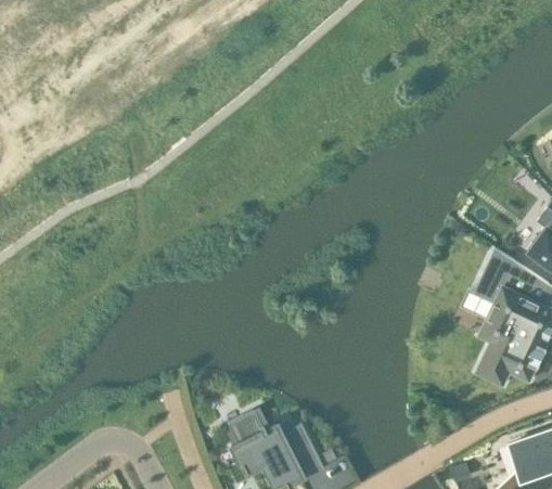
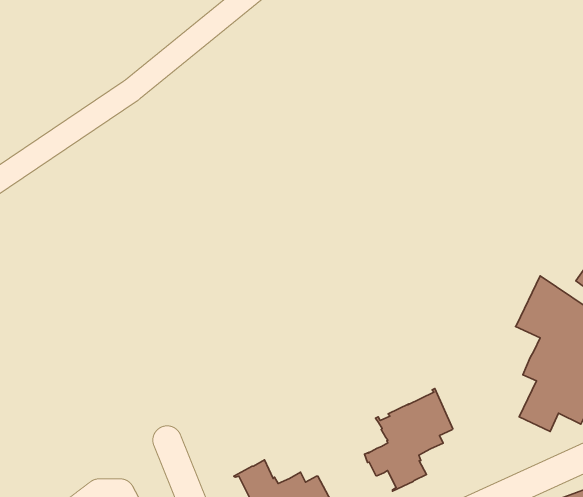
building: none -> [365,389,453,491]

